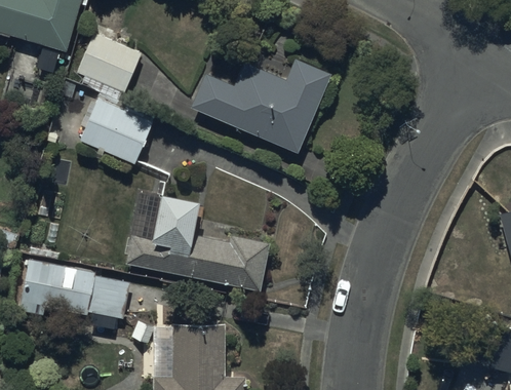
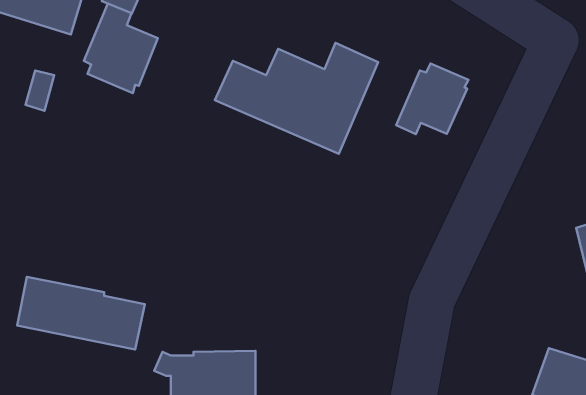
building: none -> [396,64,468,134]
building: [79,98,153,164] -> none
building: [124,191,270,291] -> none

